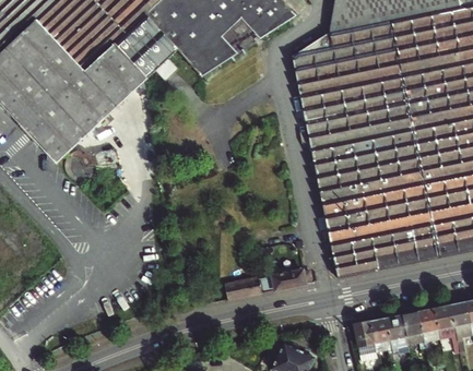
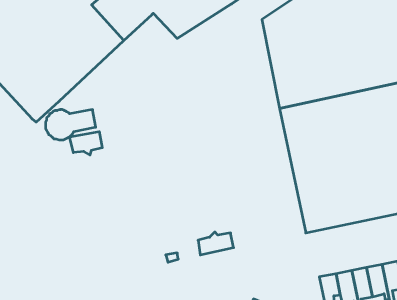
building: none -> [70,132,102,155]
building: [273,267,312,291] -> none

